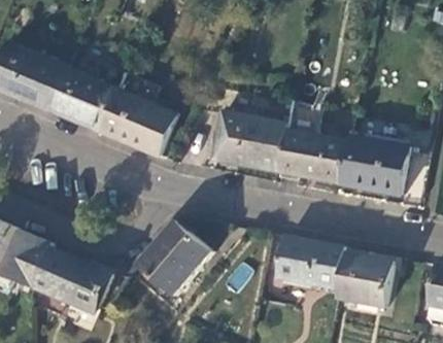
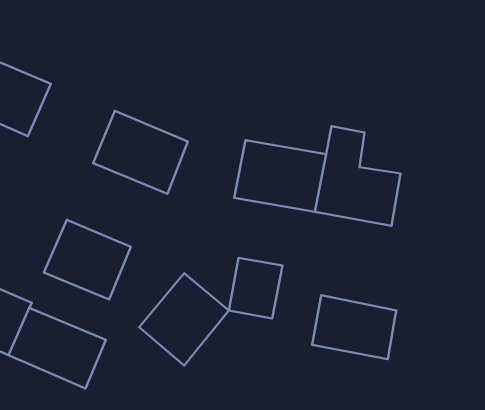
building: [48,68,118,132] -> [44,220,131,299]
building: [341,135,410,194] -> none
building: none -> [229,258,282,318]
building: [336,253,393,308] -> none

